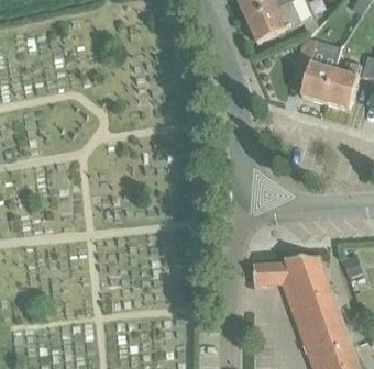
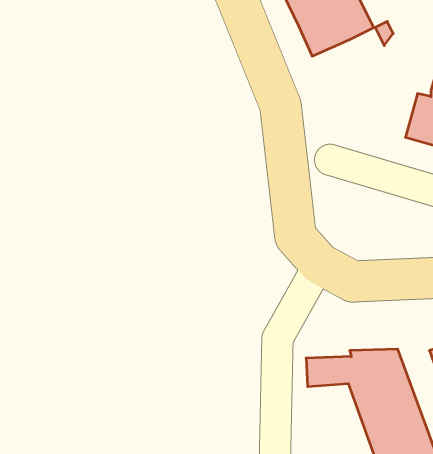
building: [298,36,339,102] -> none

